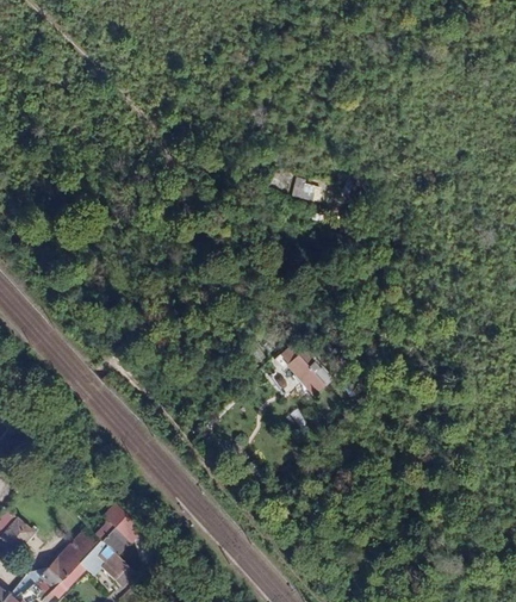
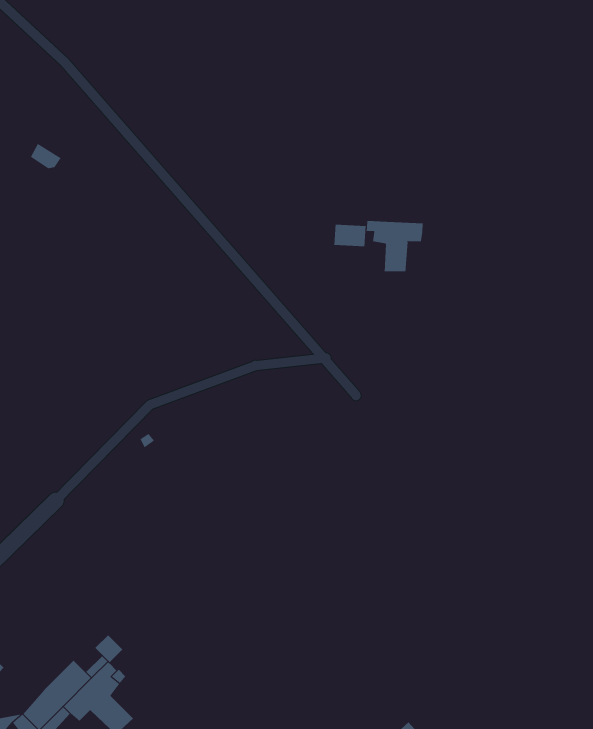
building: none -> [366,220,423,272]
building: [280,337,330,392] -> none

